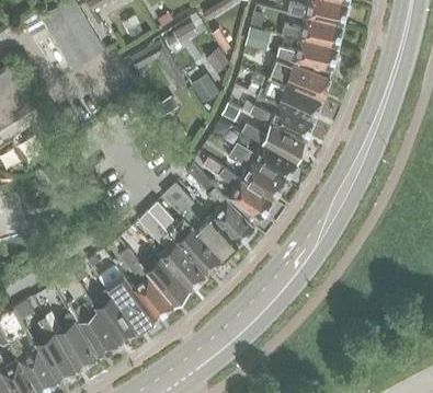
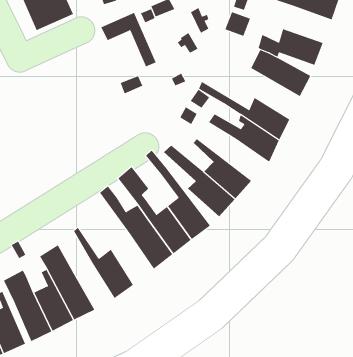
building: [282,16,343,47] -> none
building: [247,79,322,122] -> none
building: [231,142,300,183] -> none
building: [139,211,206,292] -> none
building: [121,250,173,320] -> none

